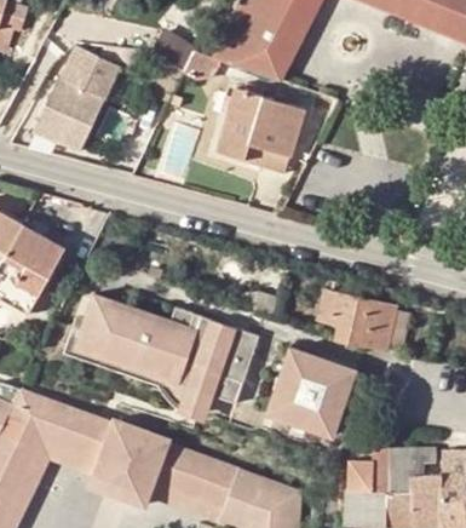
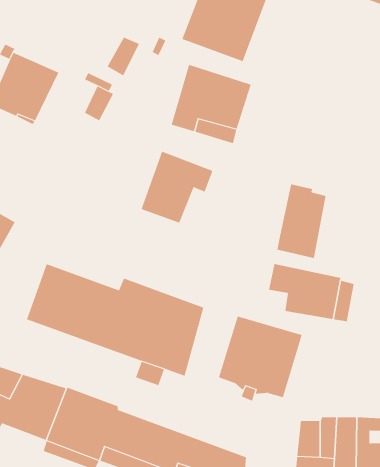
building: [67,53,117,93] -> none
building: none -> [141,151,213,223]
building: none -> [277,184,326,259]

